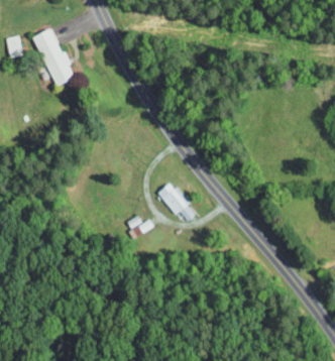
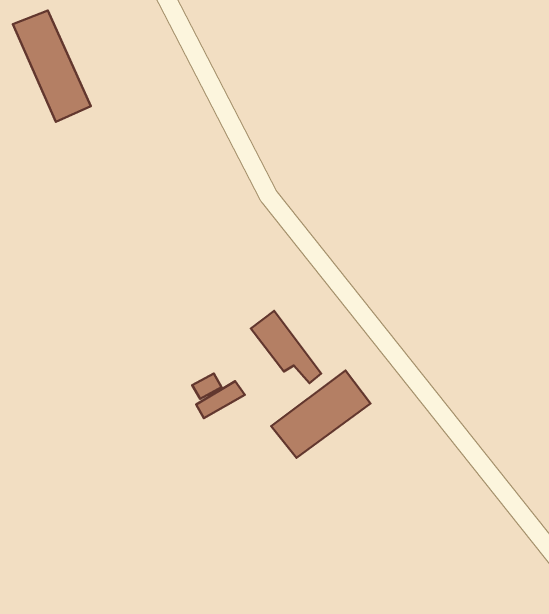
building: none -> [271,370,370,458]

